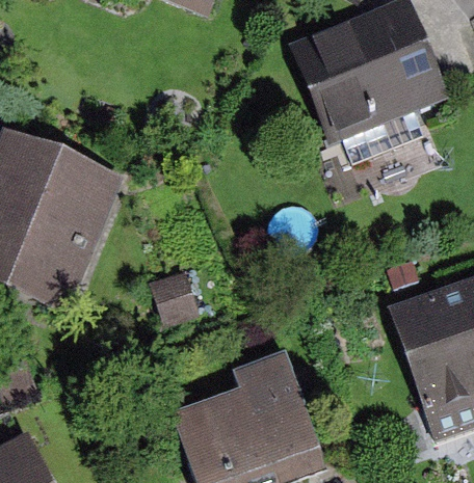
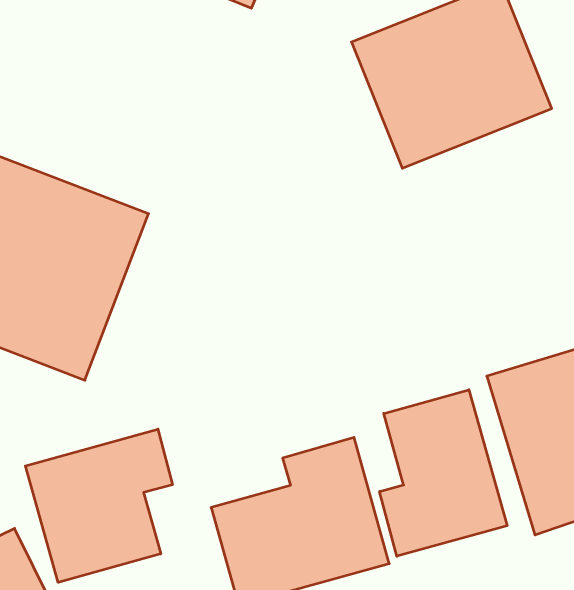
building: none -> [380,390,507,556]
building: none -> [25,429,172,582]

